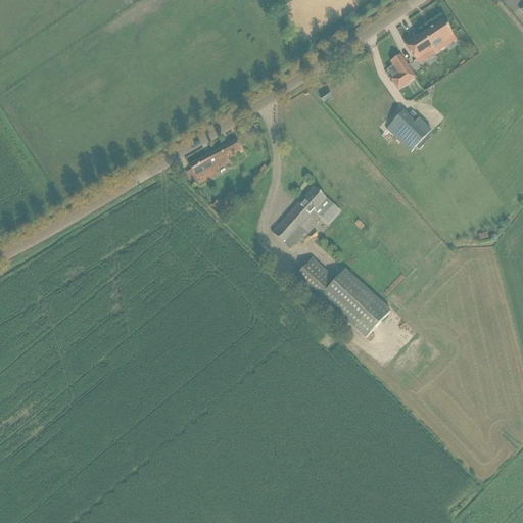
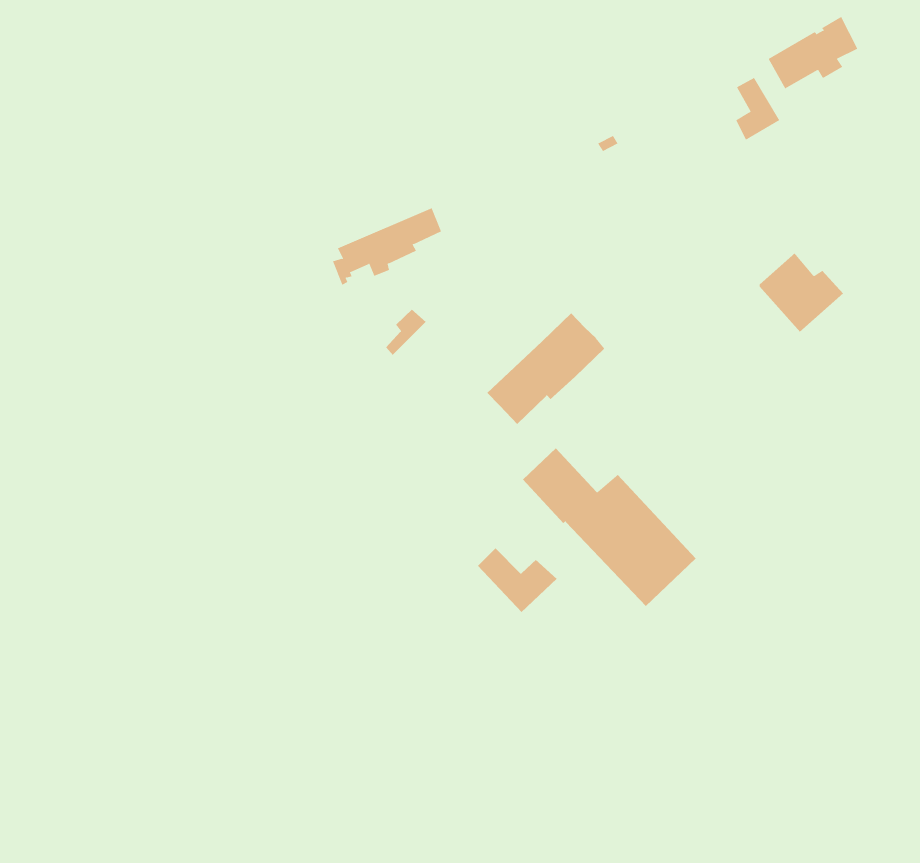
building: [387,109,432,151] -> [759,252,844,333]
building: none -> [477,548,557,613]

